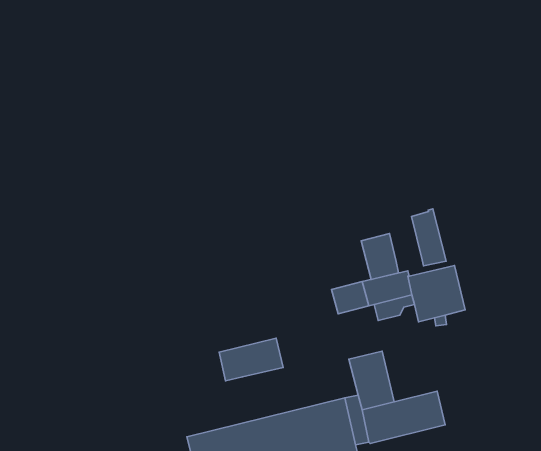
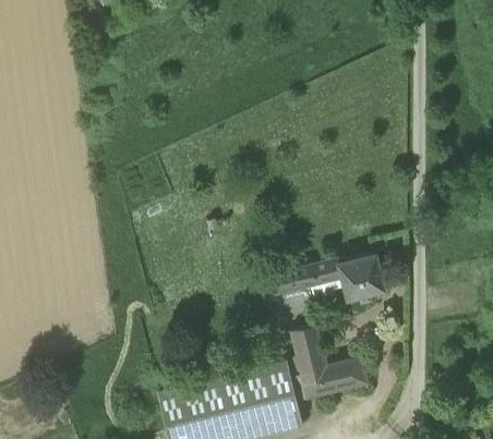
building: [412,209,446,266] -> none
building: [361,234,398,279] -> none
building: [219,338,283,381] -> none

